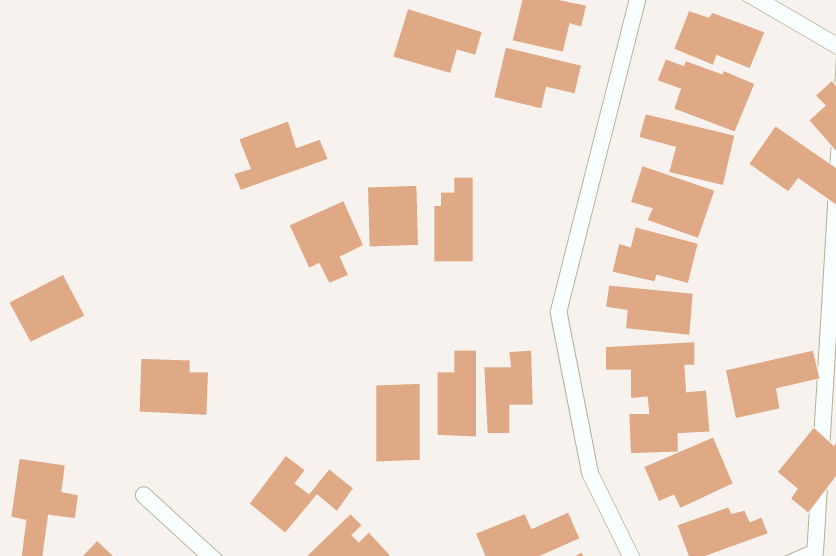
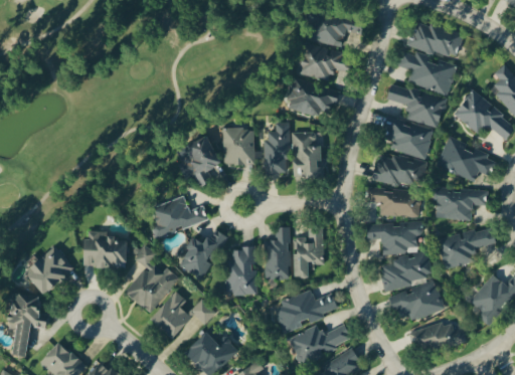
building: [393,8,483,73] -> [285,78,339,118]
building: [233,121,328,191] -> [150,196,207,238]
building: none -> [292,132,324,178]
building: none -> [436,138,494,181]
building: [8,274,85,342] -> [25,249,71,291]
building: none -> [434,188,487,220]
building: none -> [177,229,226,279]
building: none -> [124,245,177,313]
building: none -> [273,290,338,334]

